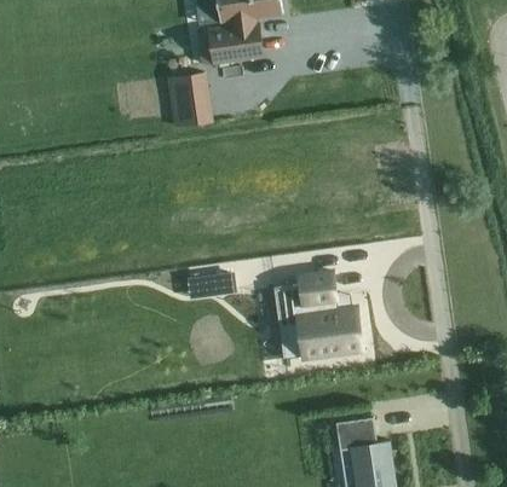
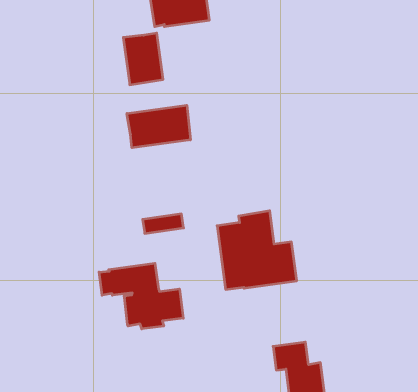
building: none -> [127,105,190,148]
building: none -> [99,263,183,329]

